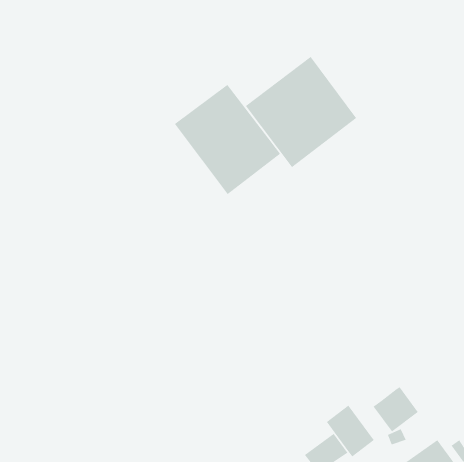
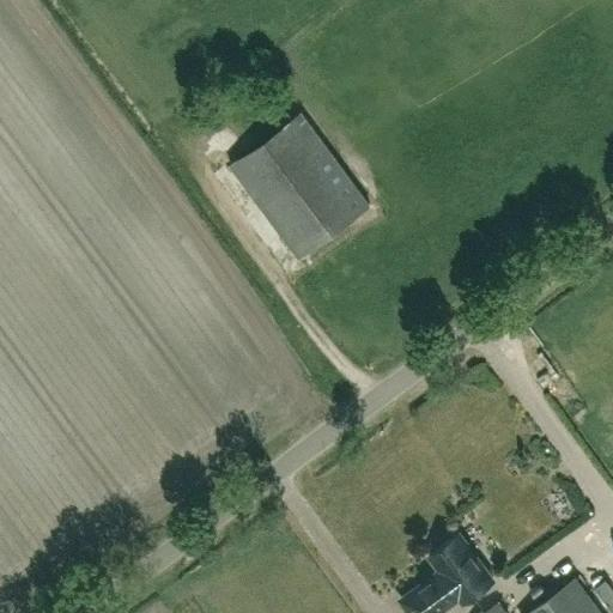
building: [245,56,357,168] -> none
building: [373,386,419,432] -> none

